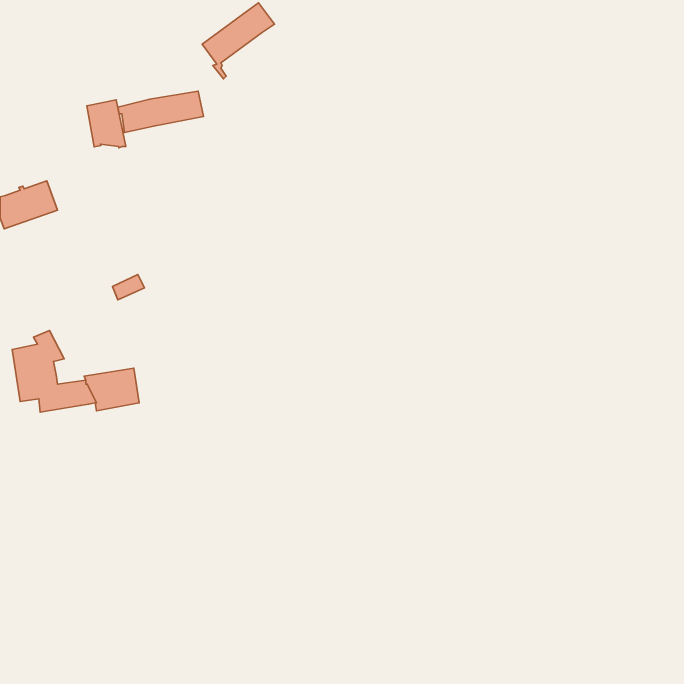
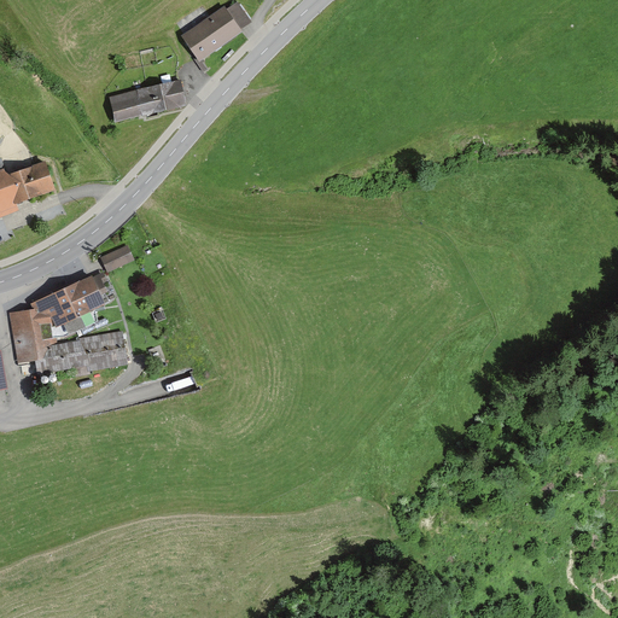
building: [87,100,126,148] -> none
building: none -> [45,276,104,337]

